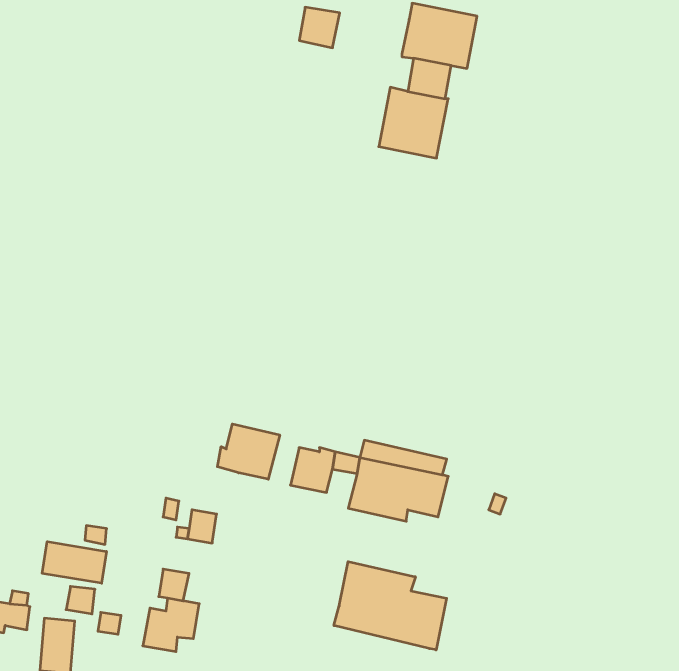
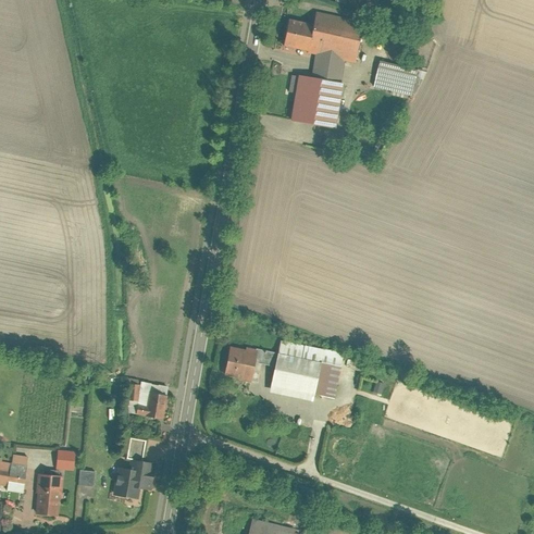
building: [299,7,340,48] -> [283,20,313,50]
building: none -> [372,61,417,97]
building: [217,424,280,479] -> none
building: [42,542,106,583] -> none
building: [334,562,447,650] -> none

